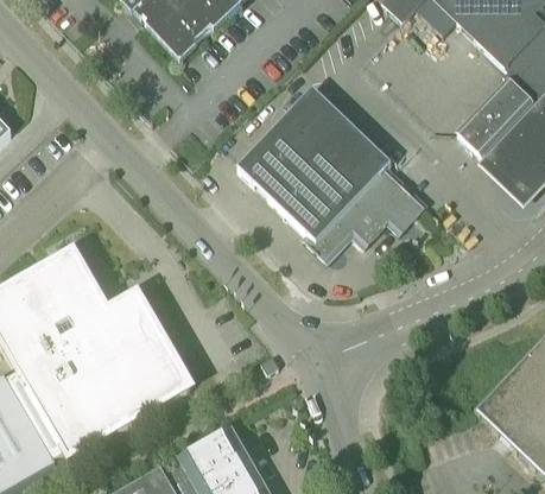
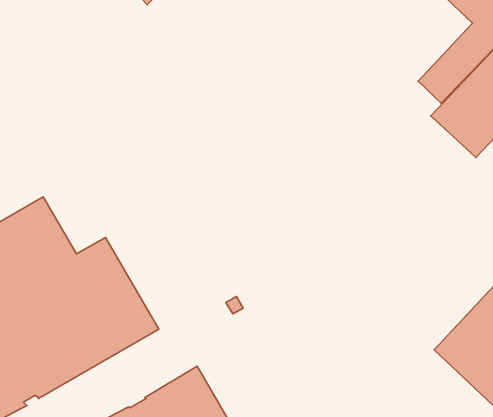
building: [237,87,427,260] -> none

